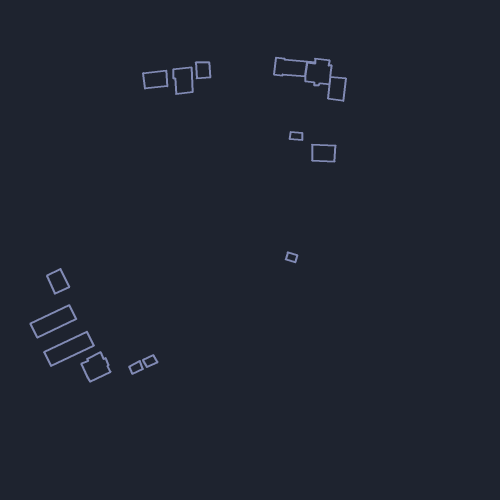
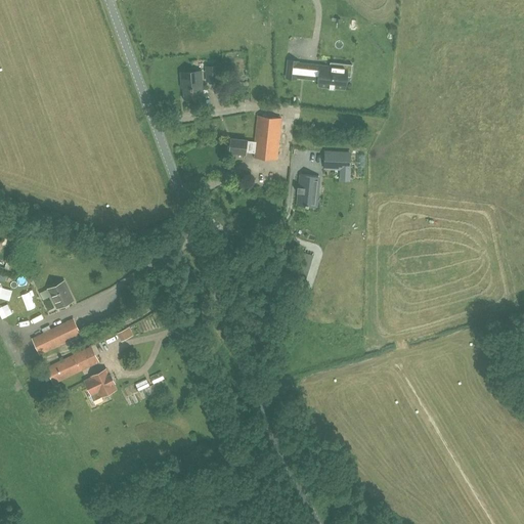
building: [143,71,167,89] -> none
building: [328,77,346,101] -> none
building: none -> [227,116,280,160]
building: none -> [297,176,319,207]

